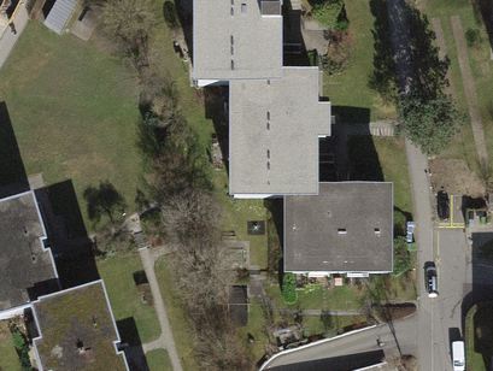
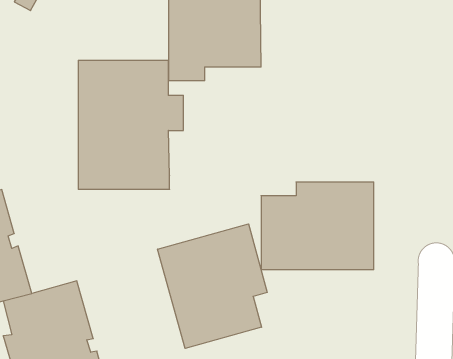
building: [228,73,329,198] -> [78,60,183,189]
building: none -> [158,224,267,348]

